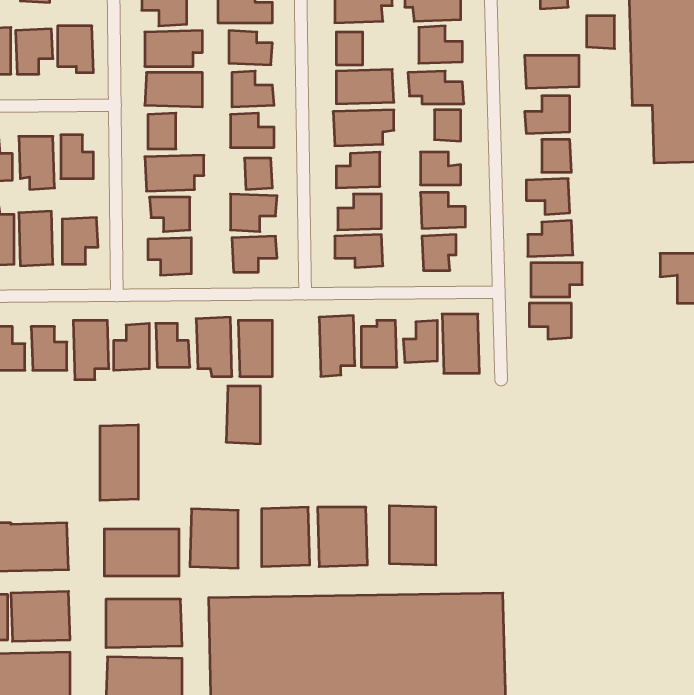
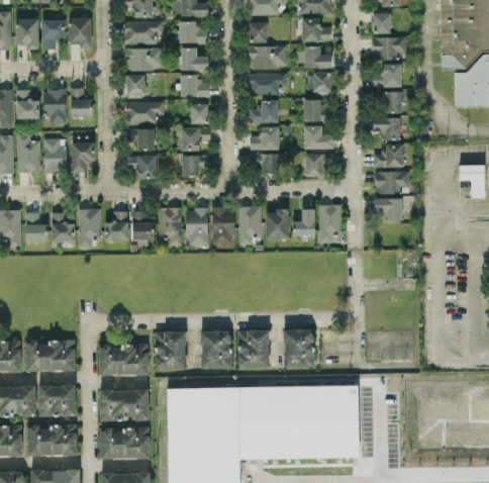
building: [587,16,615,49] -> [373,12,391,33]
building: [226,386,260,444] -> [212,207,234,245]
building: [100,425,138,500] -> none

